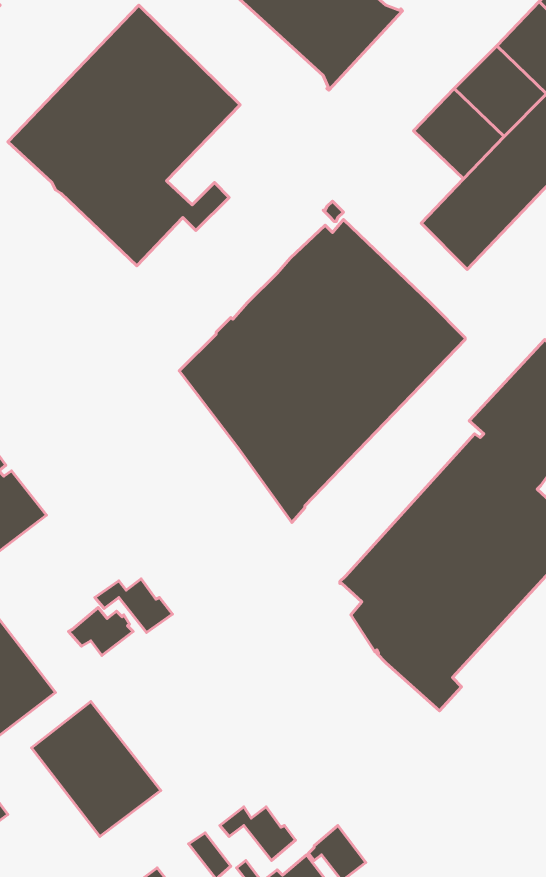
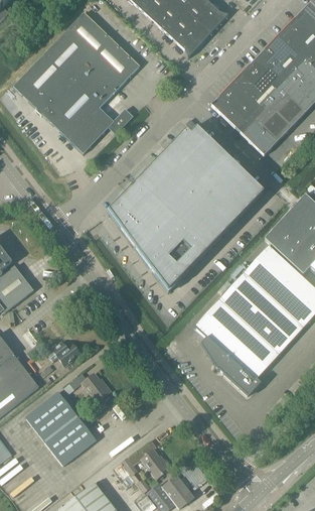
building: none -> [211,80,262,130]
building: [95,579,172,633] -> [69,372,112,401]

